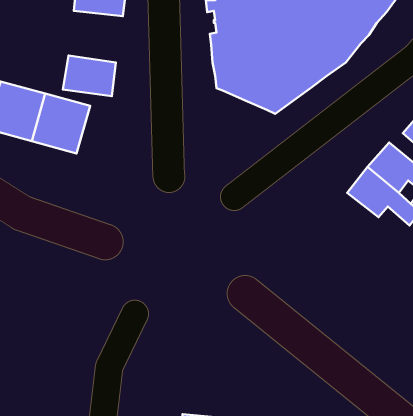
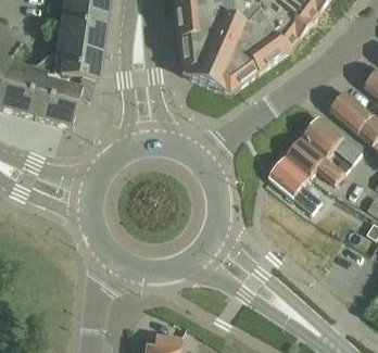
building: none -> [63,11,106,52]
building: none -> [268,156,319,212]

